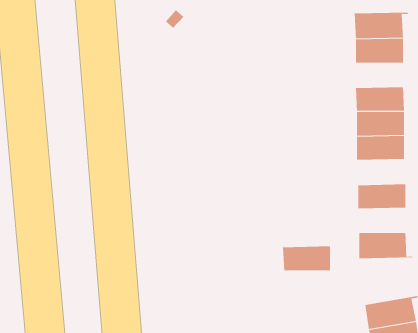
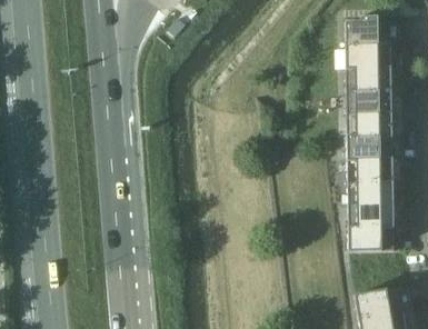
building: none -> [345,63,390,87]
building: none -> [346,153,392,178]
building: [282,246,331,271] -> [347,199,392,222]

